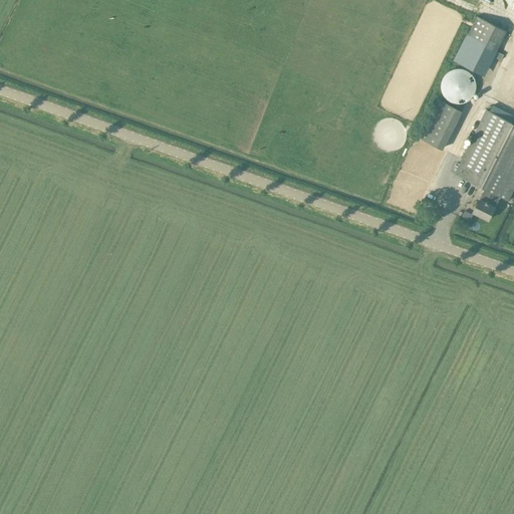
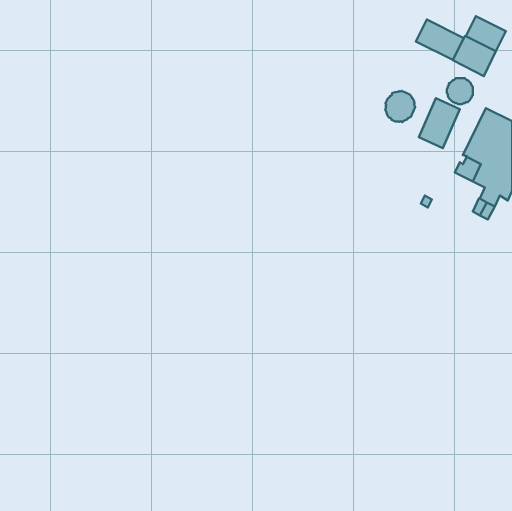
building: none -> [416,20,464,60]
building: none -> [385,91,415,122]

